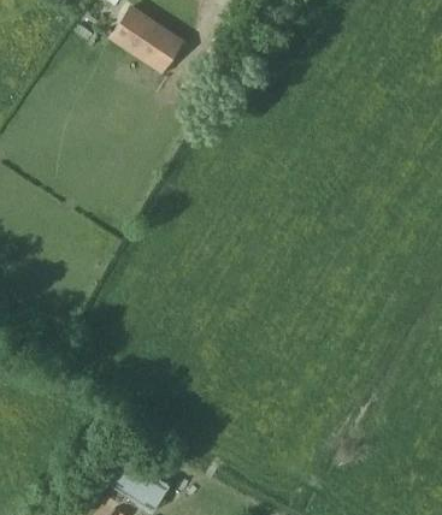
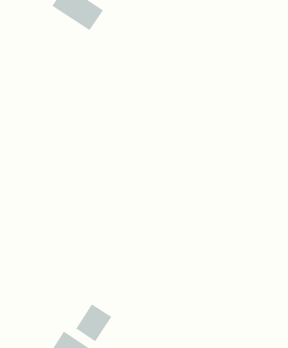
building: none -> [75,303,112,342]

